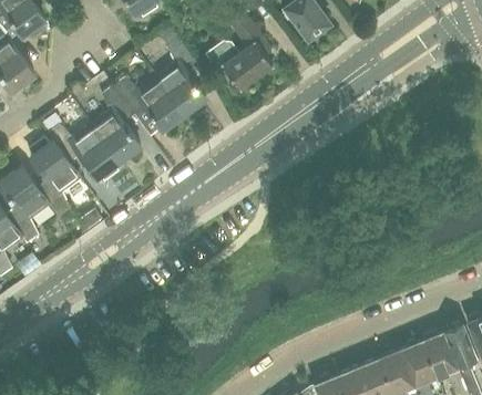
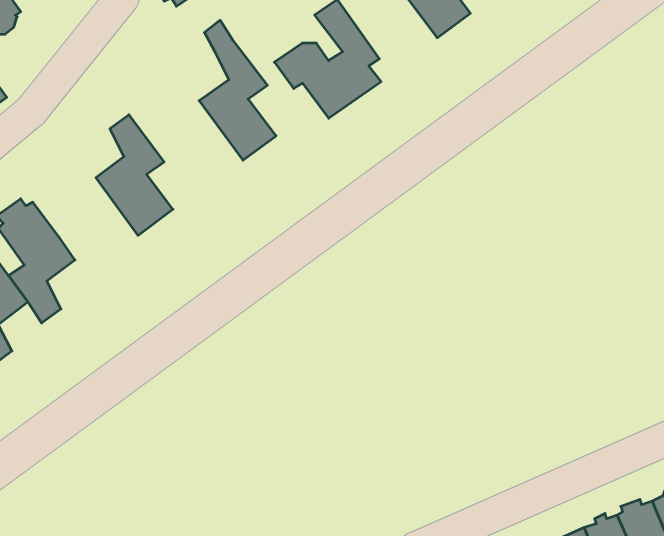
building: [113,80,185,133] -> none
building: [48,127,119,180] -> none

